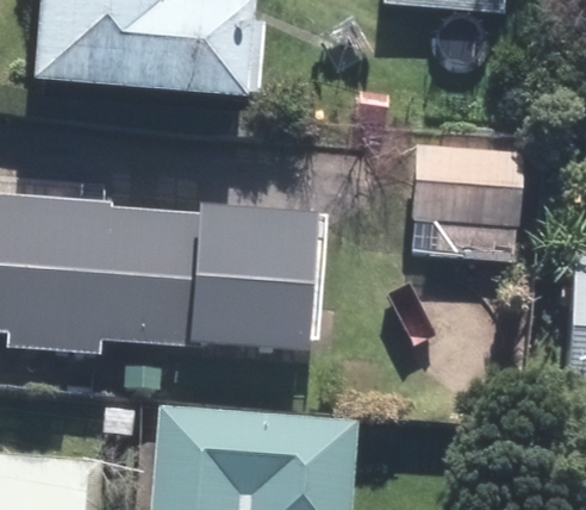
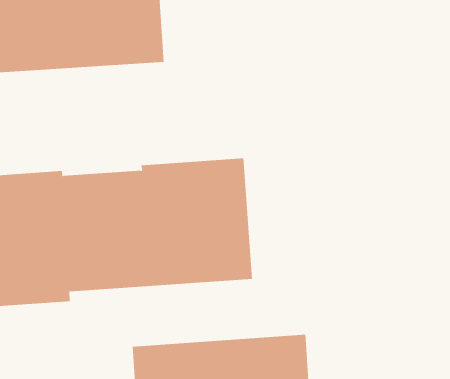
building: [413,144,522,257] -> none

